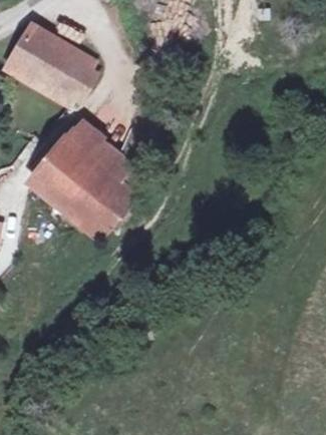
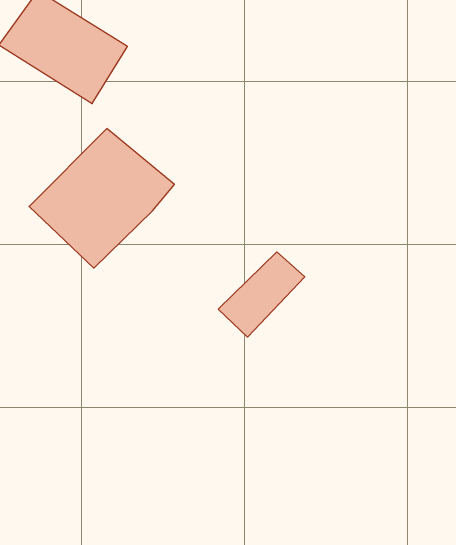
building: [69,176,128,235] -> [218,252,305,337]

